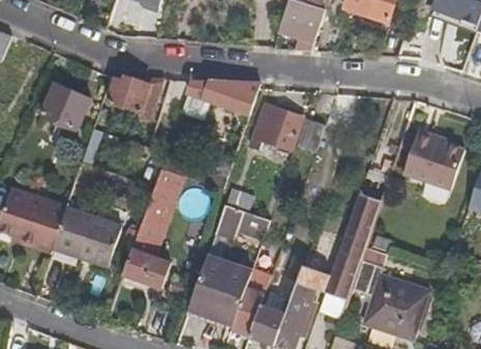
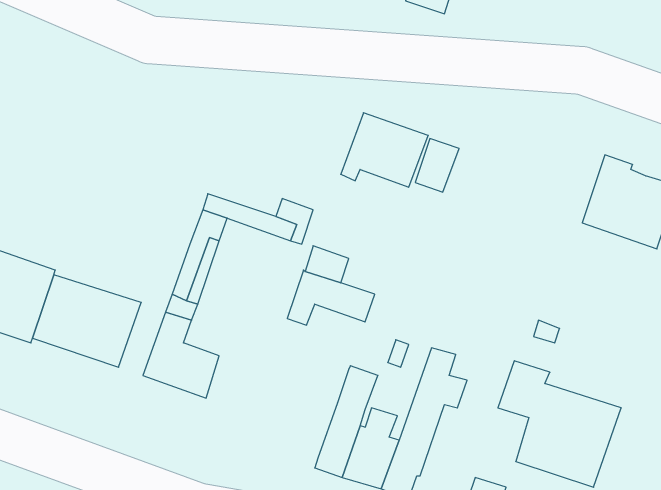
building: [85,75,162,150] -> none
building: [181,80,260,116] -> none
building: [40,84,90,130] -> none
building: [323,195,380,301] -> none
building: [188,254,253,325] -> none

